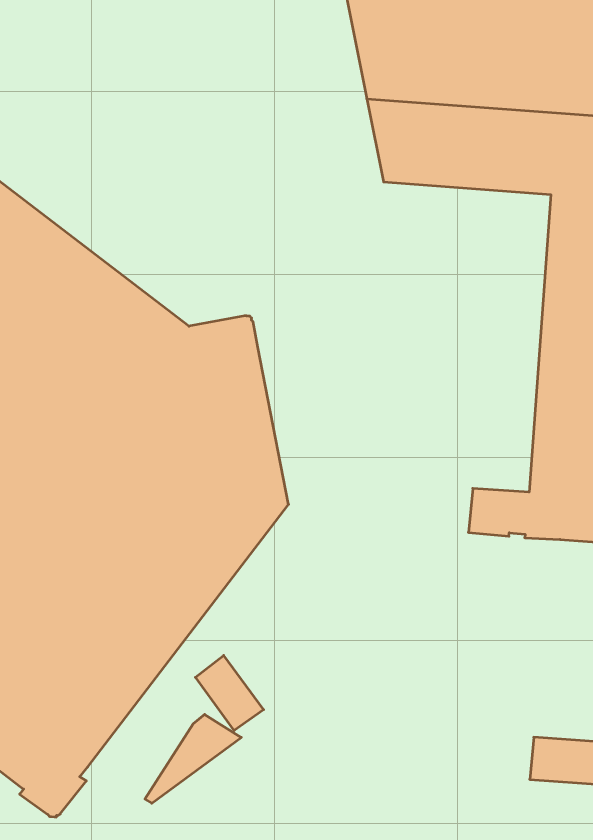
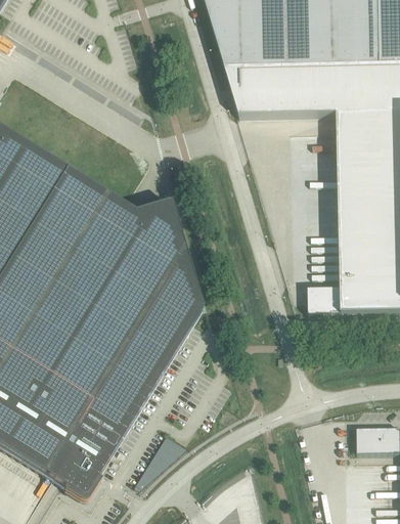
building: [195,655,264,730] -> none

